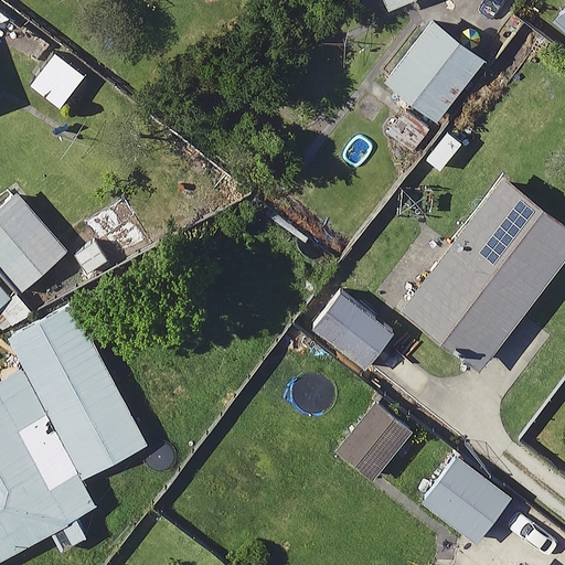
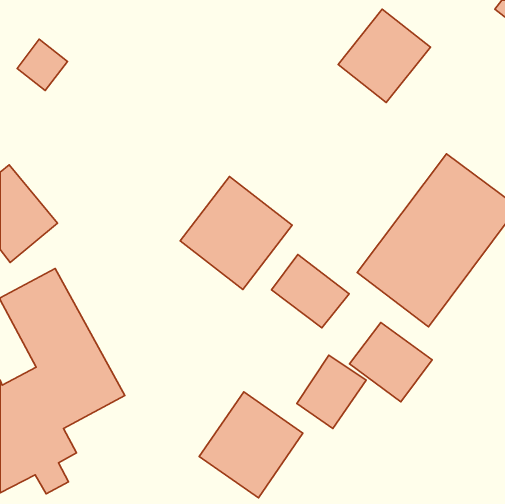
building: none -> [180,177,292,289]
building: none -> [199,392,303,498]
building: [420,458,511,545] -> [350,323,432,402]

